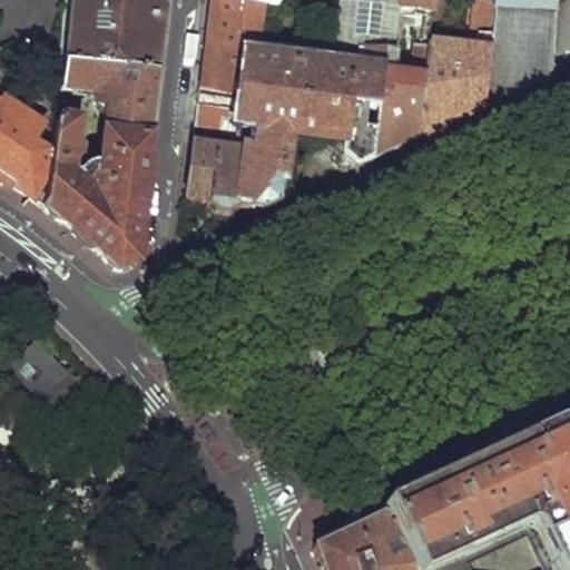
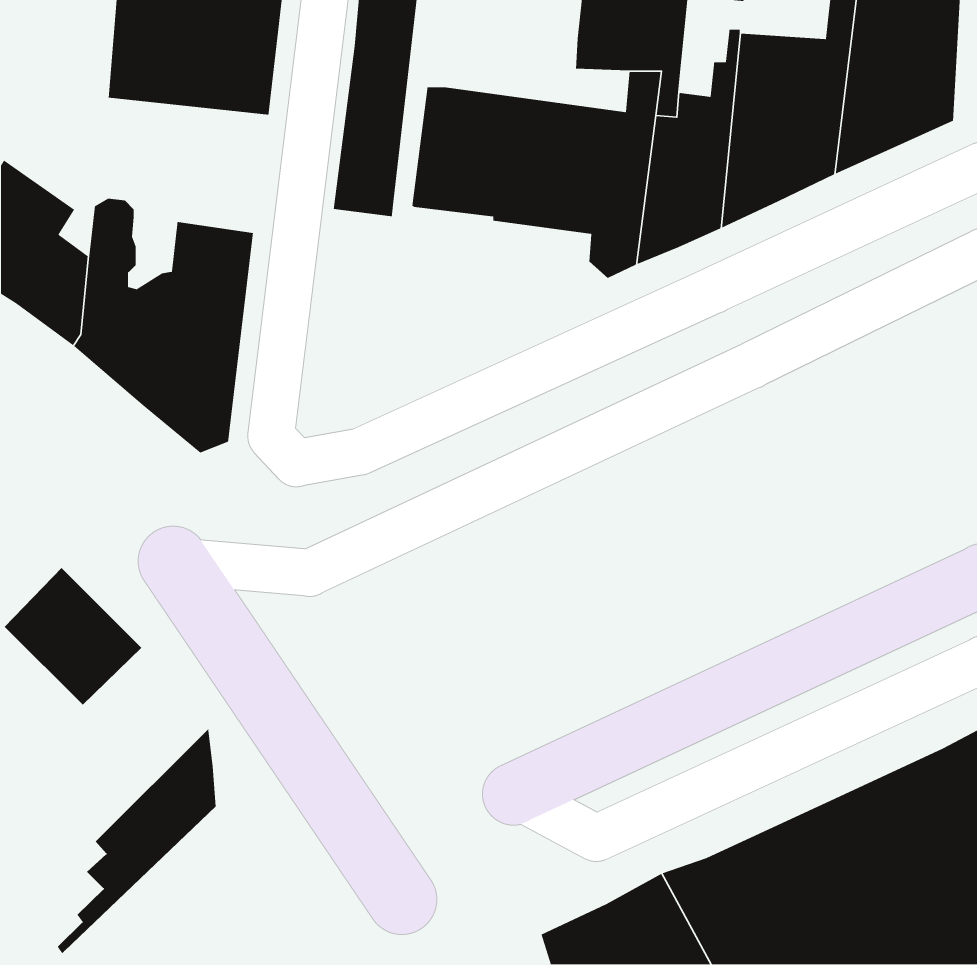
building: [62,57,159,135] -> none
building: [187,117,288,206] -> none
building: none -> [57,728,216,954]

